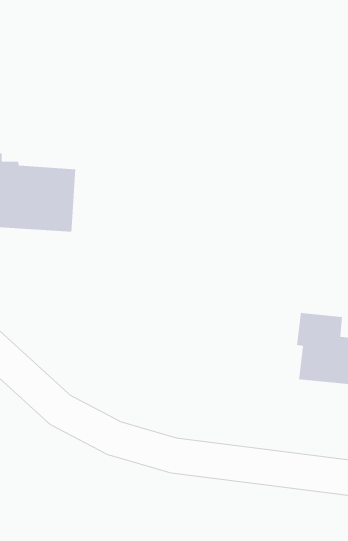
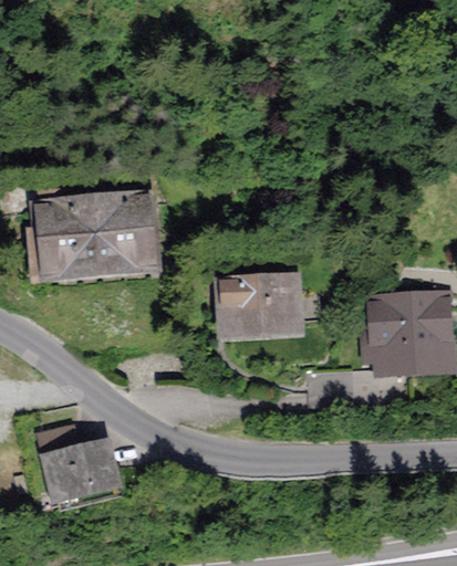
building: none -> [222,279,318,327]

